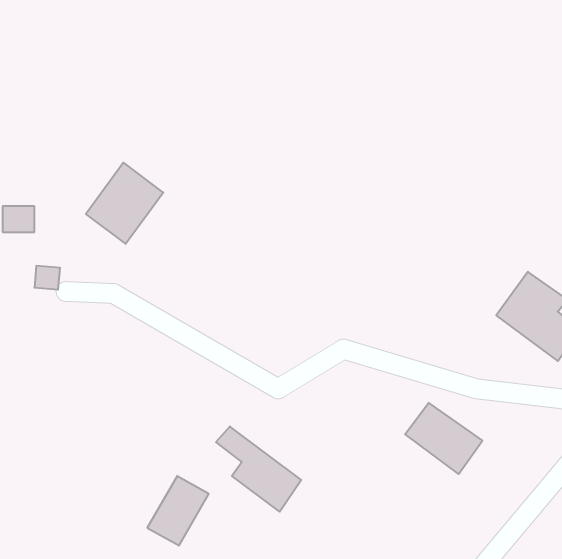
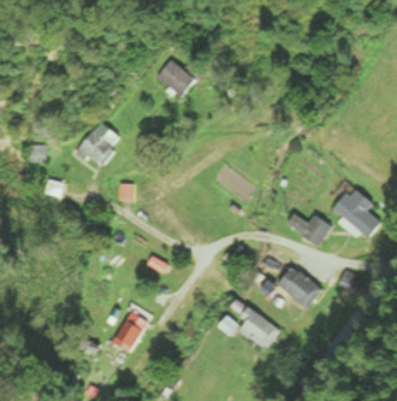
building: none -> [159,58,200,98]
building: none -> [288,213,328,246]
building: [216,426,301,512] -> [224,297,275,349]

